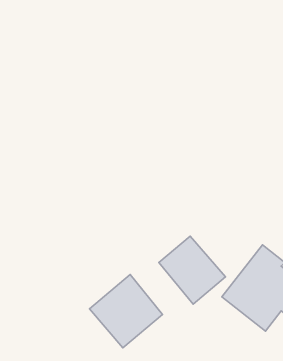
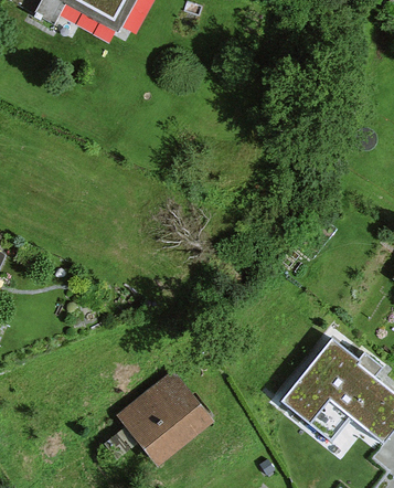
building: [159,236,225,304] -> none

